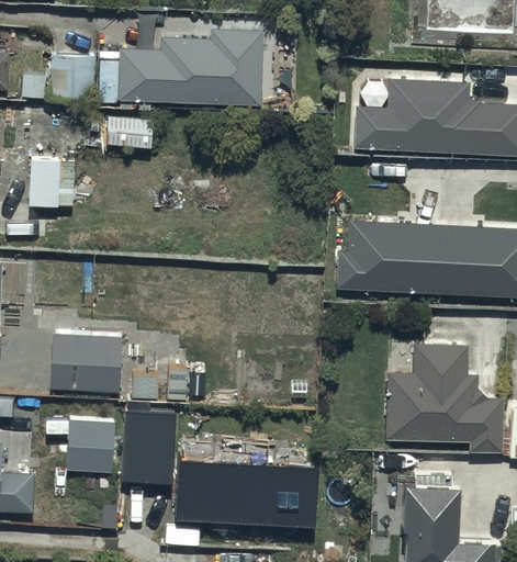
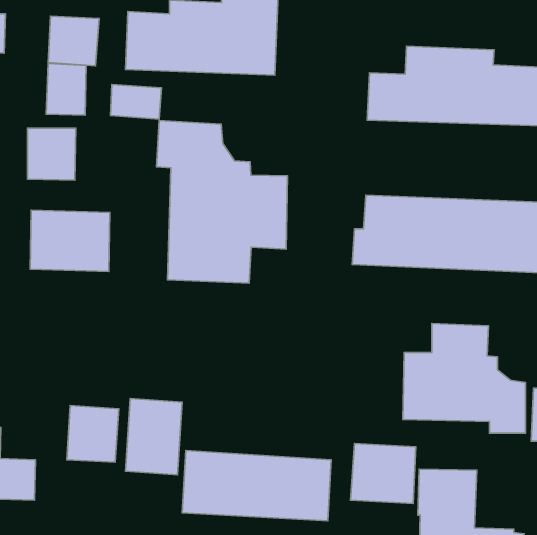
building: none -> [46,64,86,115]
building: none -> [157,121,288,283]
building: [48,334,124,392] -> [30,210,110,272]
building: none -> [350,444,416,504]

